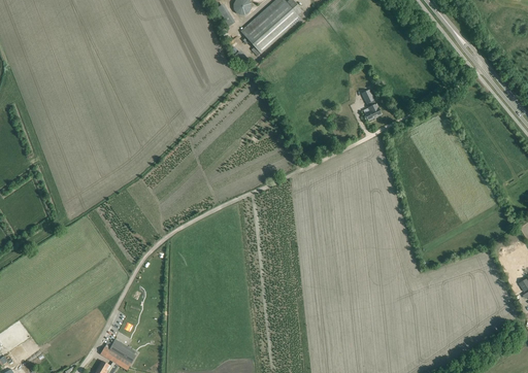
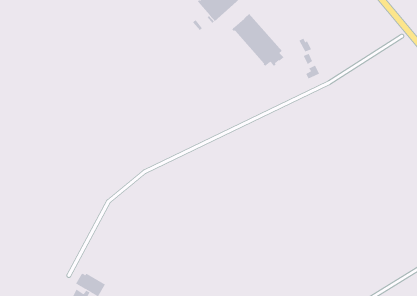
building: none -> [231,13,285,67]

